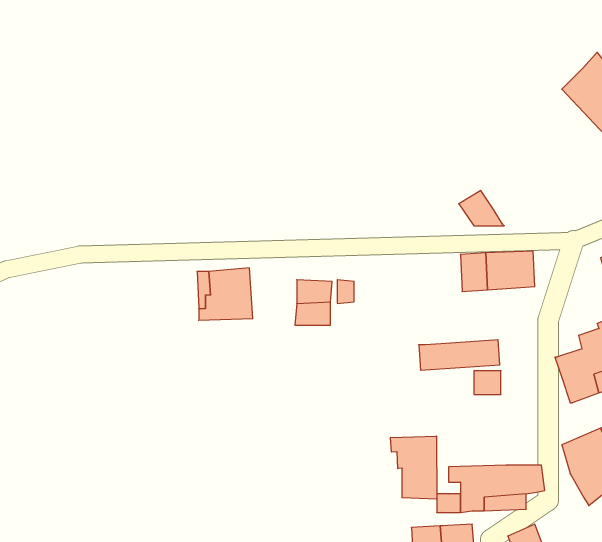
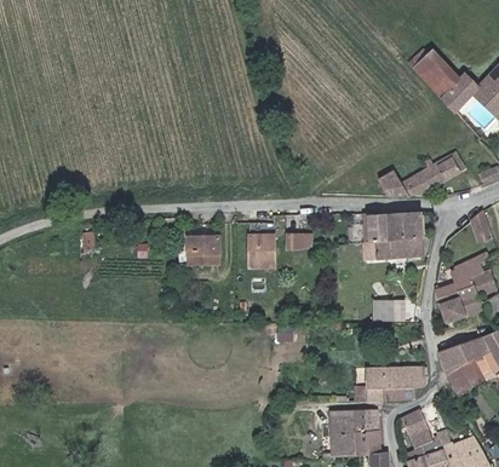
building: none -> [406,45,455,97]
building: none -> [400,155,457,194]
building: [419,340,500,370] -> [363,238,421,260]
building: [391,436,437,499] -> none

